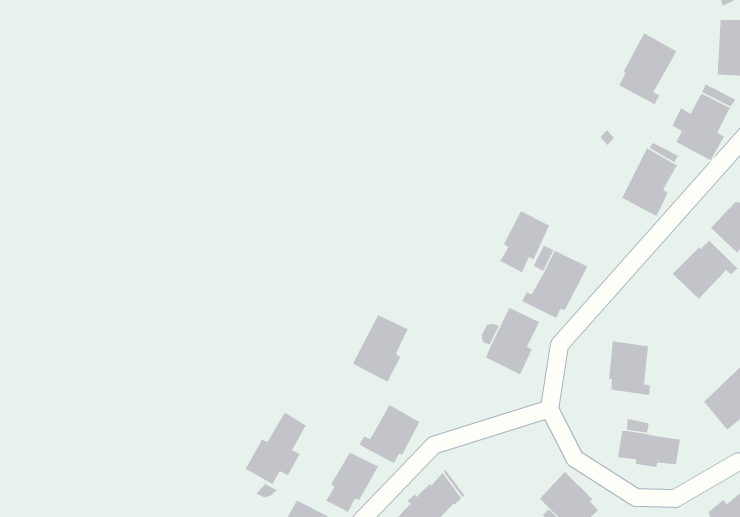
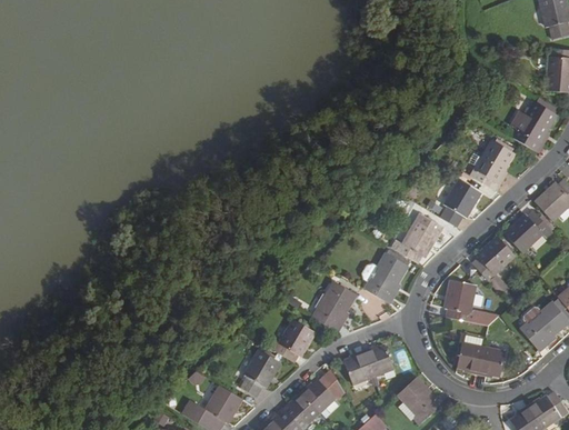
building: [618,32,677,105] -> none
building: [499,210,550,274] -> [440,180,479,227]
building: none -> [472,238,516,286]
building: [352,314,409,383] -> [311,282,355,333]
building: [245,412,307,485] -> none
building: none -> [343,346,392,380]

